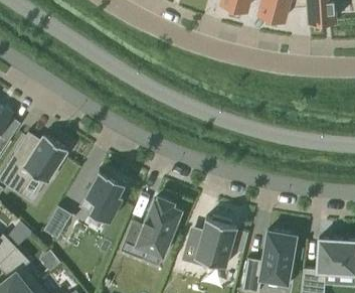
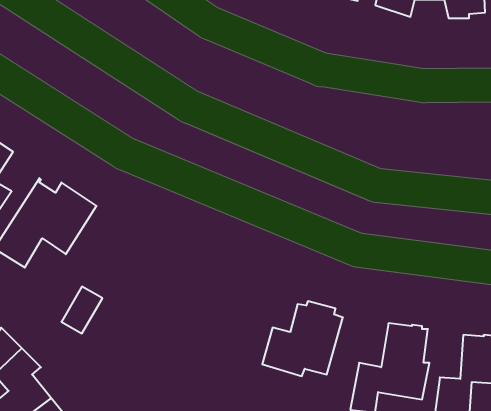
building: [81,171,126,224] -> none
building: [121,197,181,259] -> none

